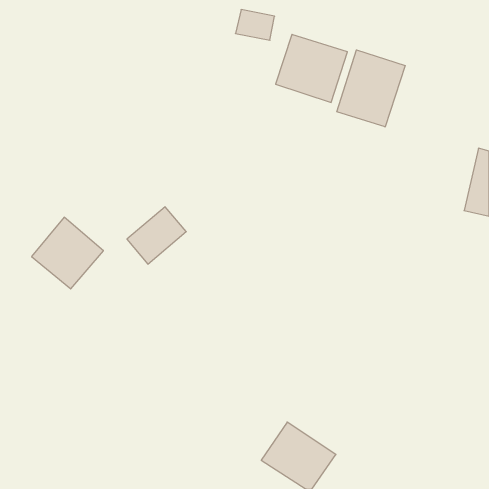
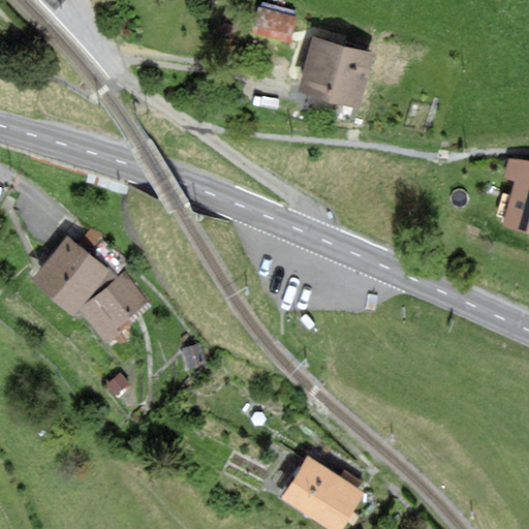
building: [337,50,405,127] -> none
building: [127,207,186,264] -> [82,275,146,337]

